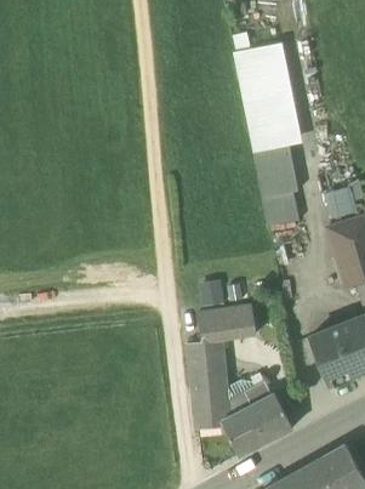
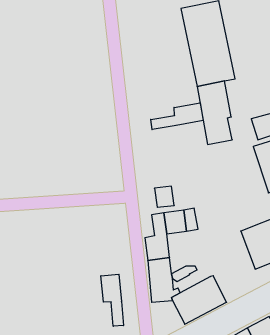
building: none -> [151,103,203,130]
building: [222,380,270,415] -> none
building: none -> [101,274,123,326]

